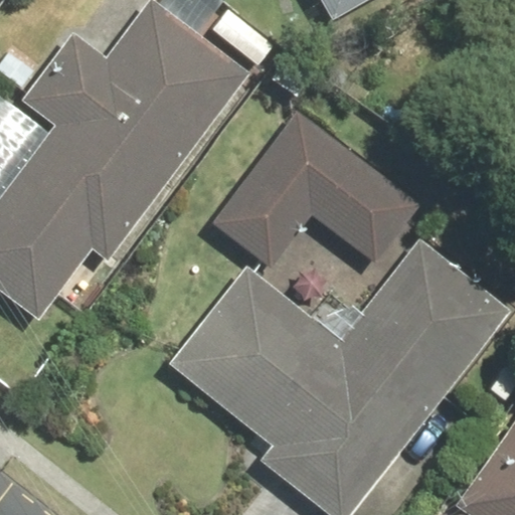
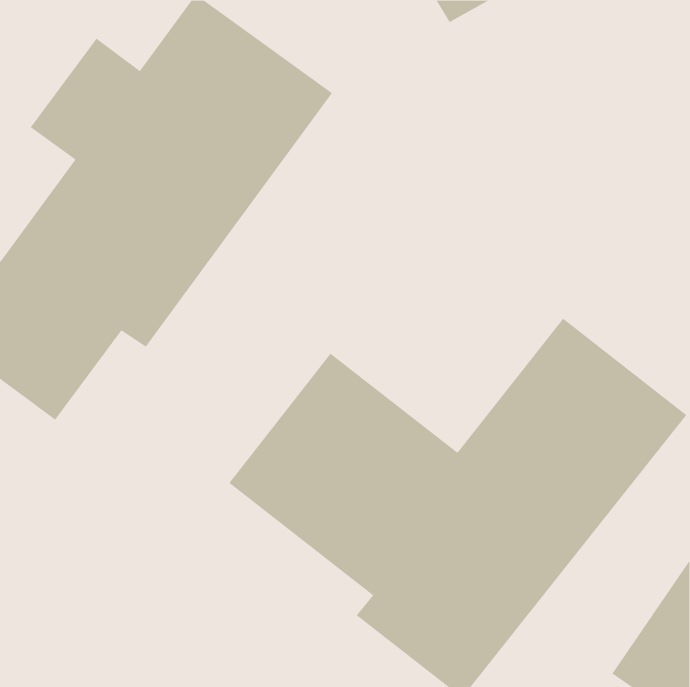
building: [216,114,414,266] -> none

